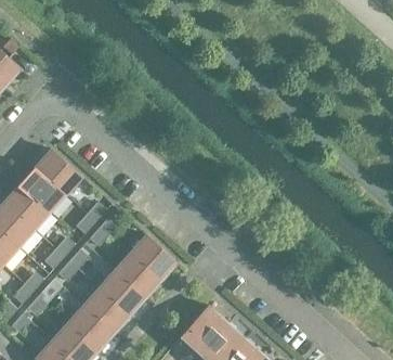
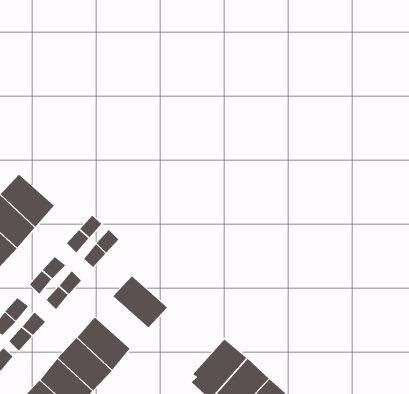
building: [35,150,81,194] -> none
building: [130,235,176,280] -> none
building: [99,270,144,314] -> none

